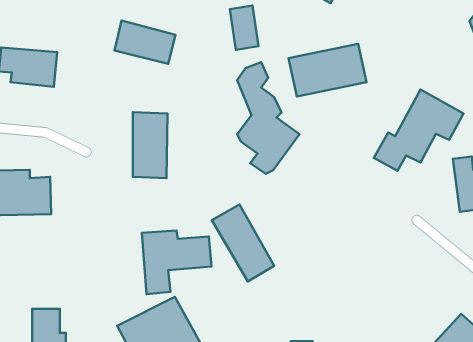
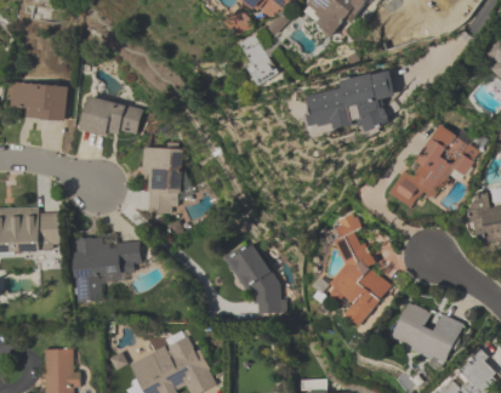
building: [114,21,175,64] -> [79,96,141,139]
building: [237,62,299,174] -> [330,211,393,324]
building: [142,230,211,294] -> [72,235,142,300]
building: none -> [389,301,465,366]

